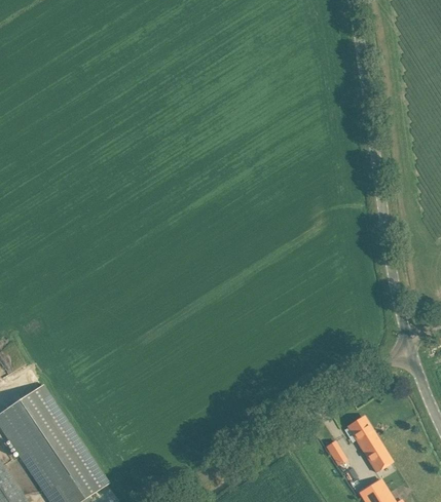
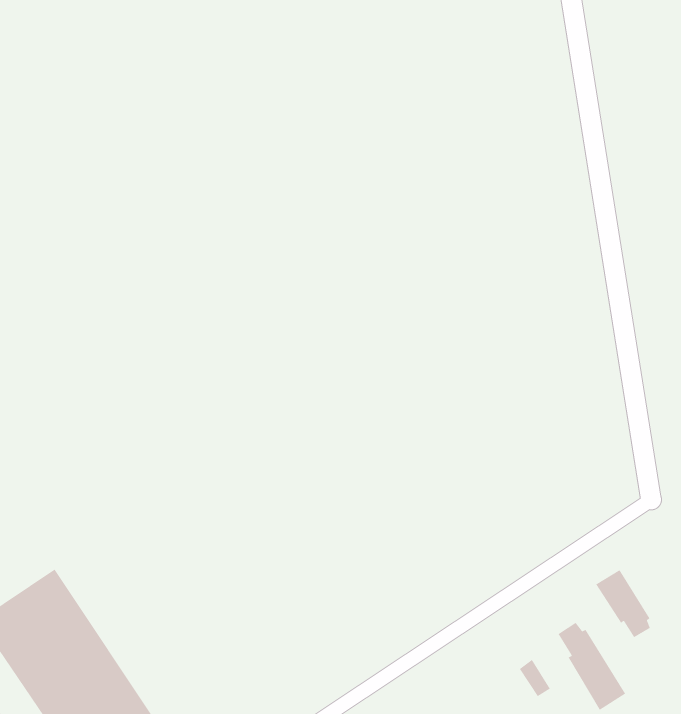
building: none -> [595,569,651,638]

